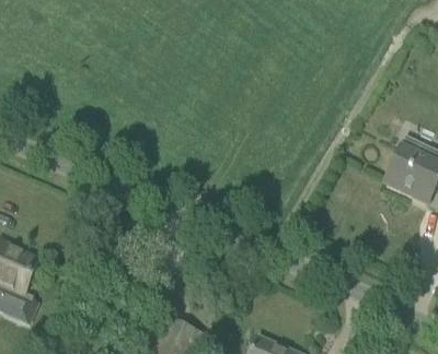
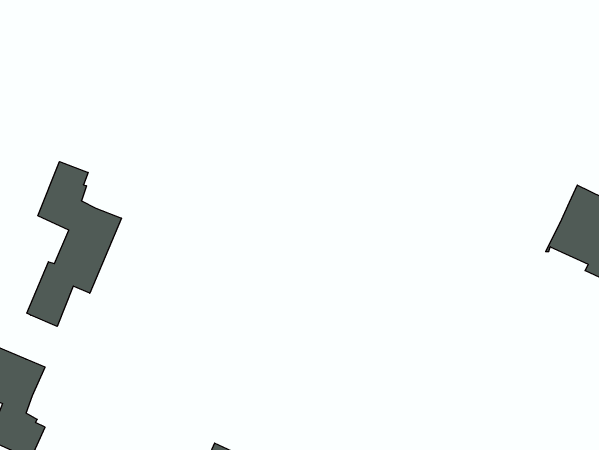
building: none -> [27,162,121,326]

